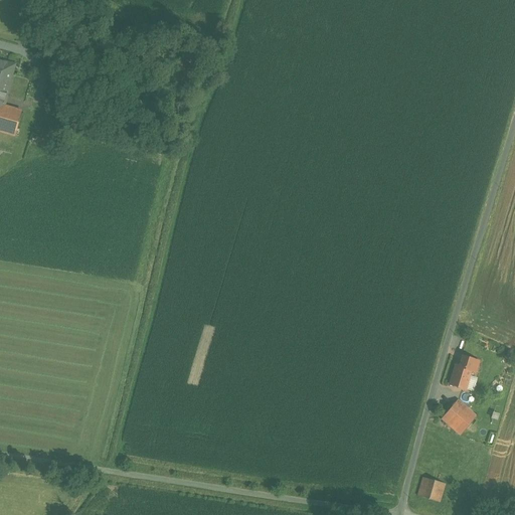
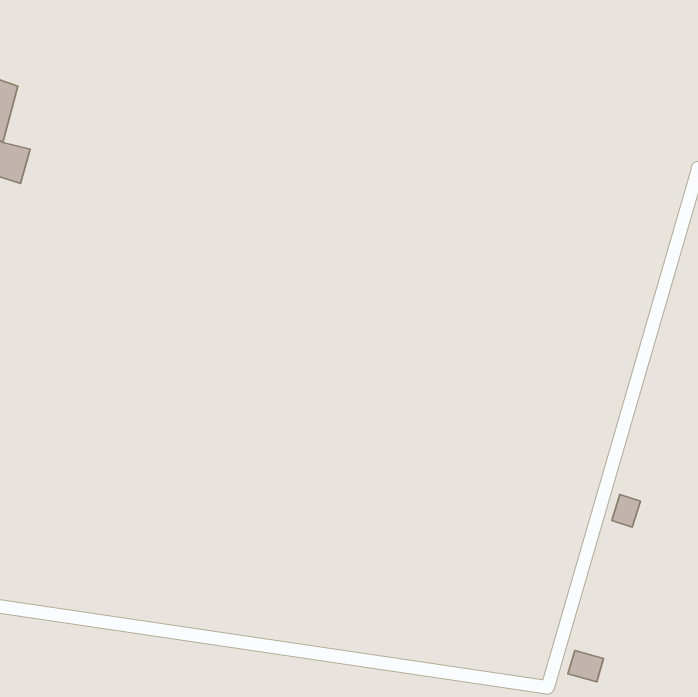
building: [442,398,476,433] -> none

